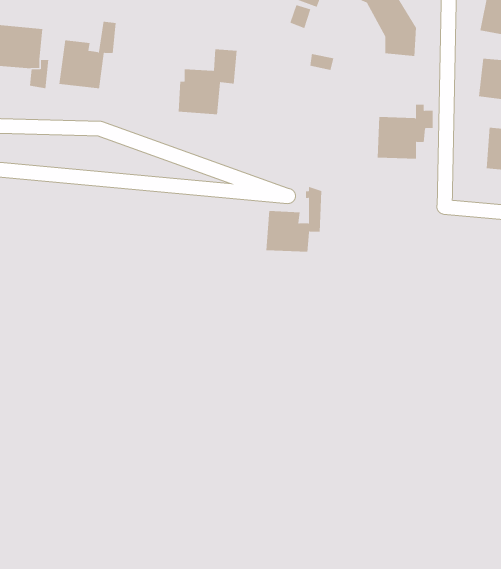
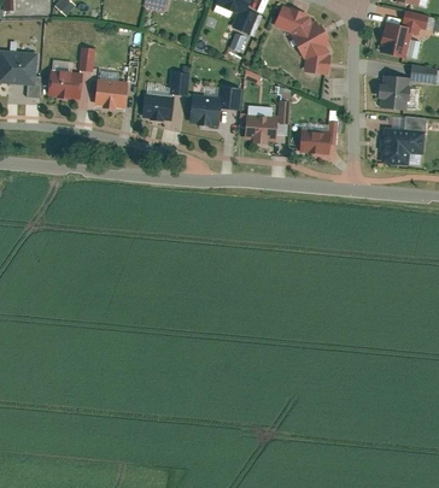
building: none -> [95,71,129,108]
building: none -> [191,87,241,127]
building: [265,186,322,252] -> [246,87,291,139]

